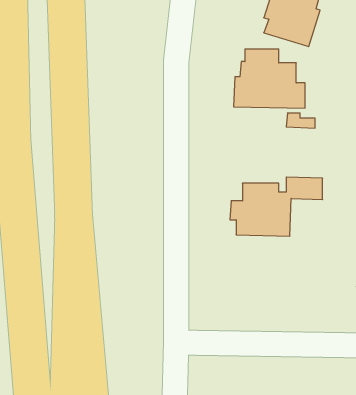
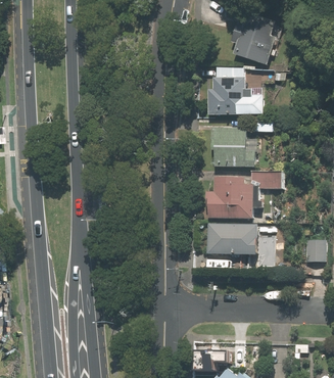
building: none -> [211,128,258,169]
building: none -> [208,224,272,255]

